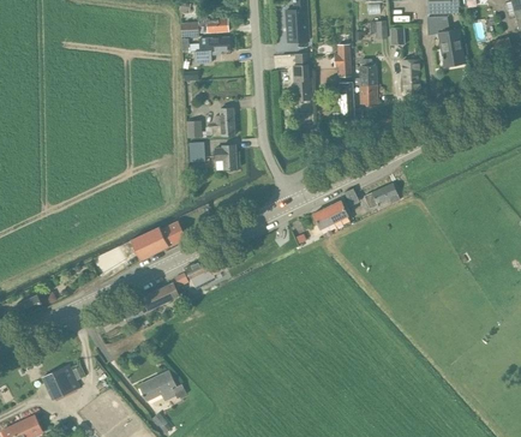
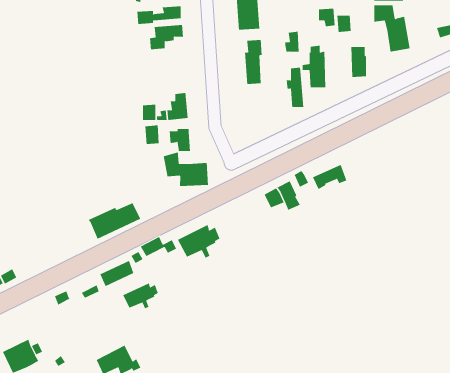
building: none -> [163,152,209,187]
building: none -> [177,224,220,259]
building: none -> [122,282,159,309]

